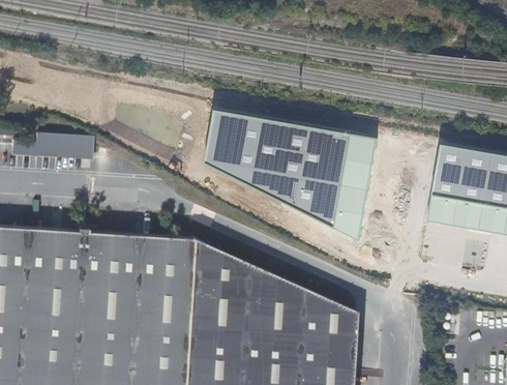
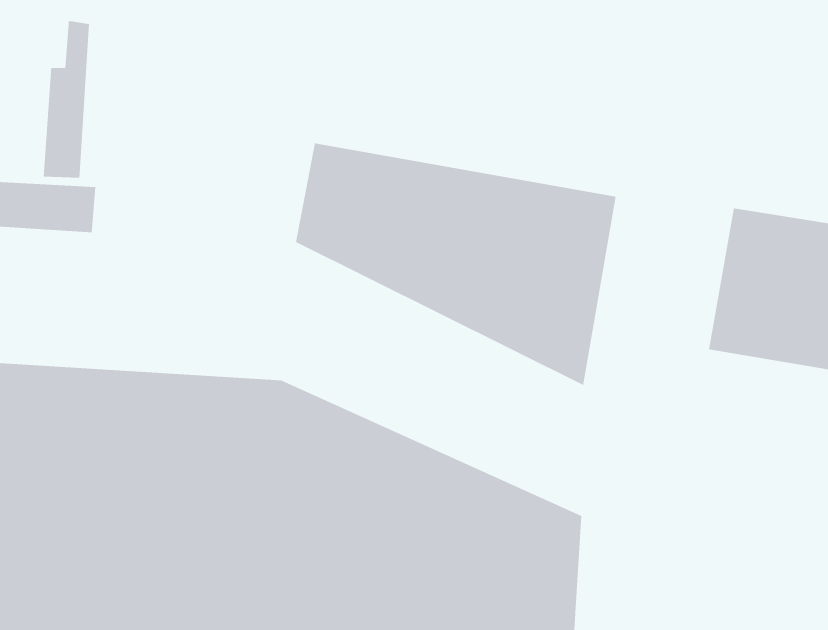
building: none -> [43,20,90,179]

